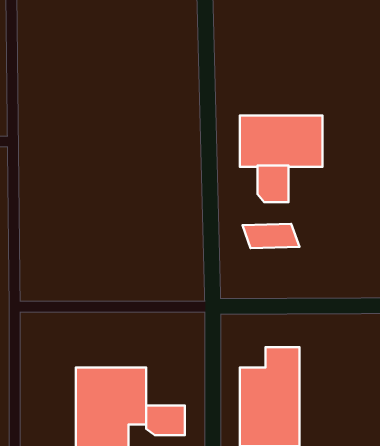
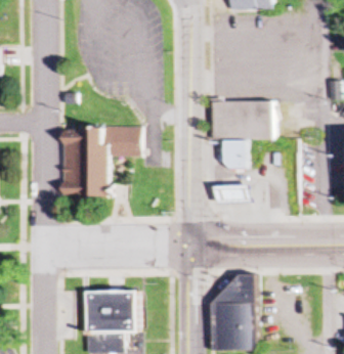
building: none -> [61,126,141,195]
building: [146,406,185,435] -> none

